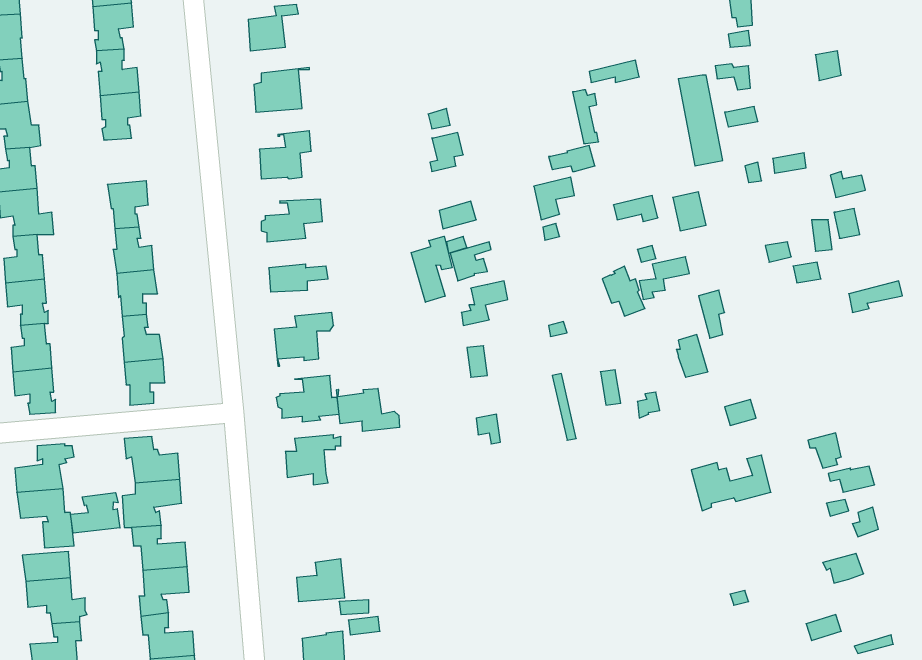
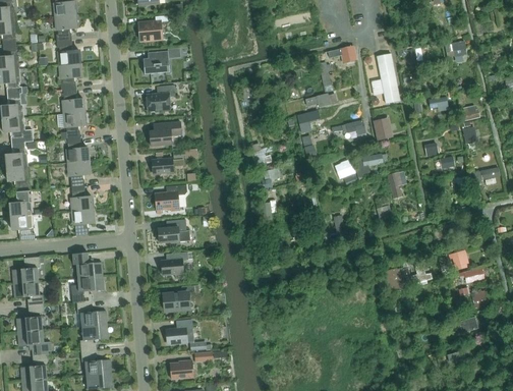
building: none -> [62,89,84,114]
building: [411,236,452,302] -> none
building: [337,388,400,431] -> none
building: [71,493,120,533] -> none
building: none -> [164,285,195,311]

